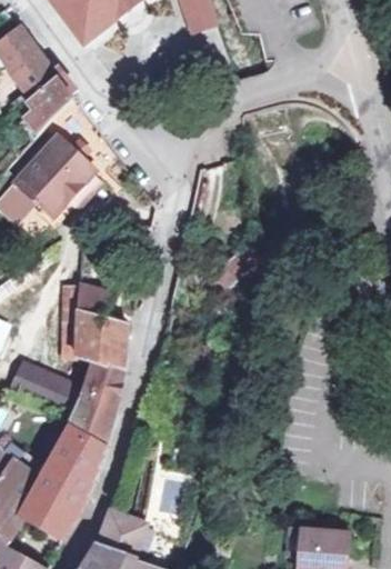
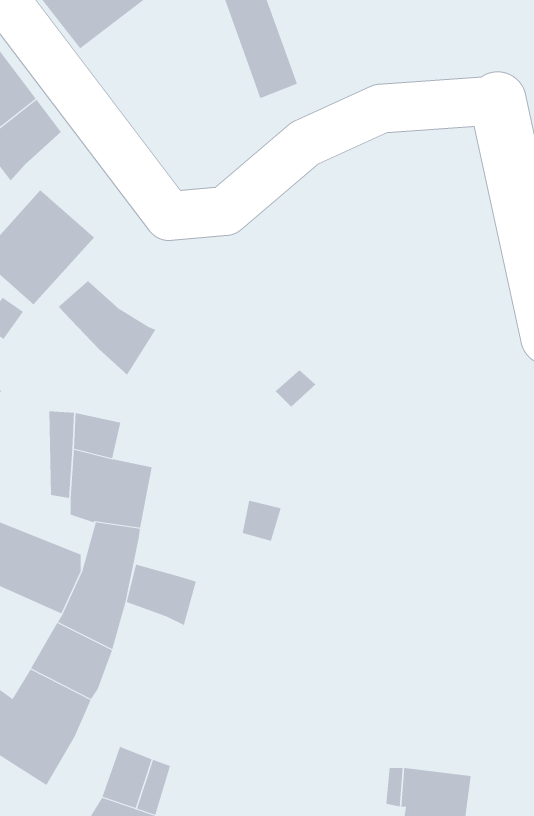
building: none -> [58,280,156,376]
building: none -> [126,564,196,626]

